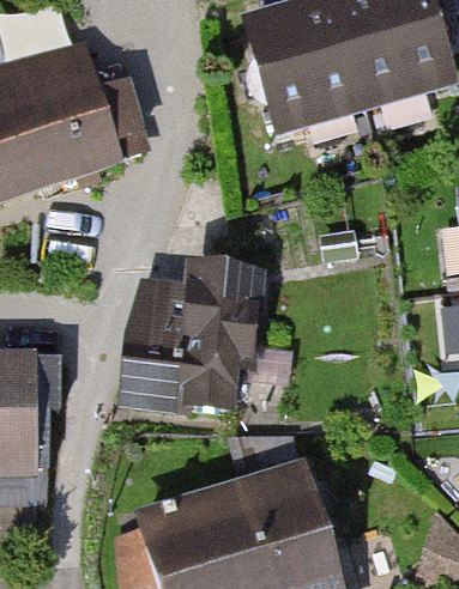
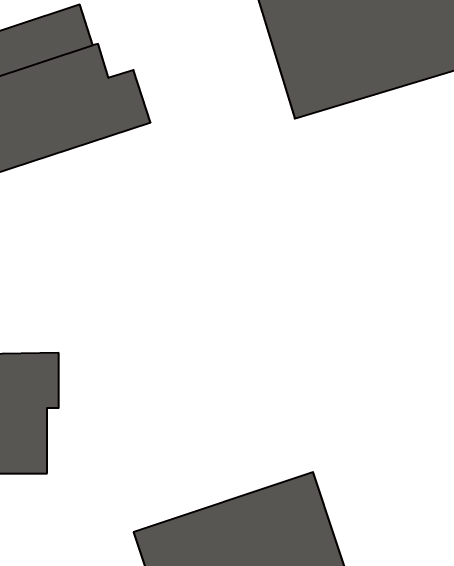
building: [132,267,260,403] -> none

